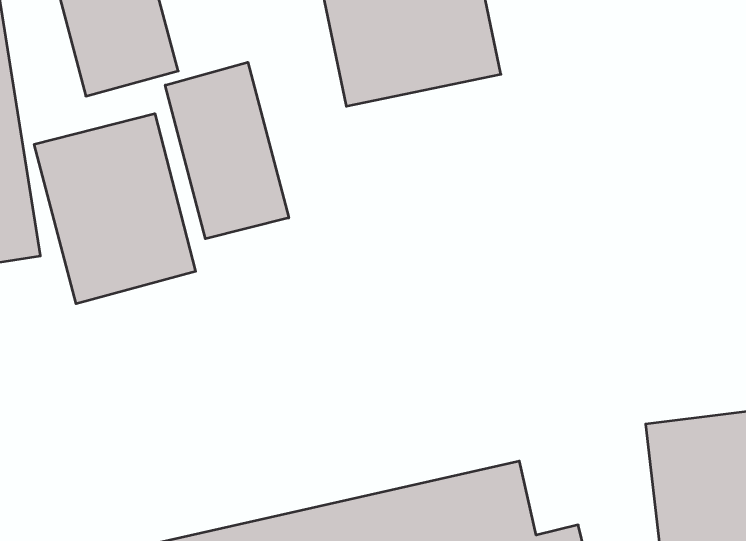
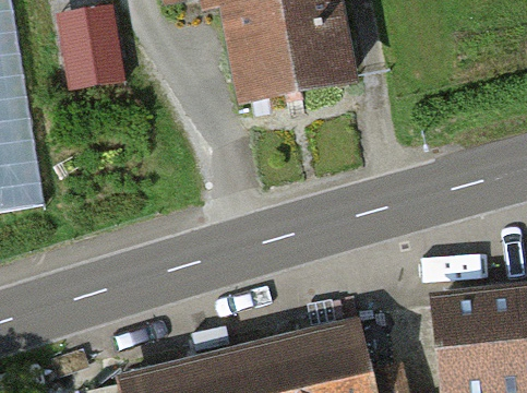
building: [165,62,289,239] -> none
building: [34,114,196,304] -> none

